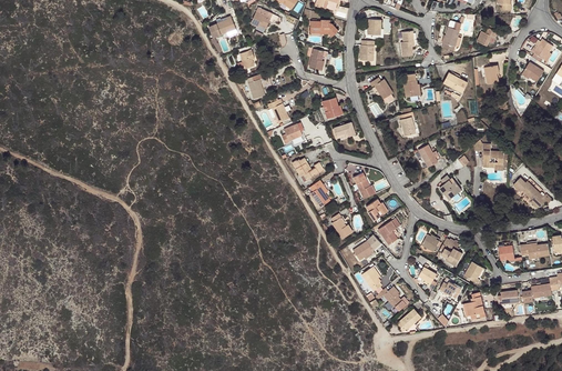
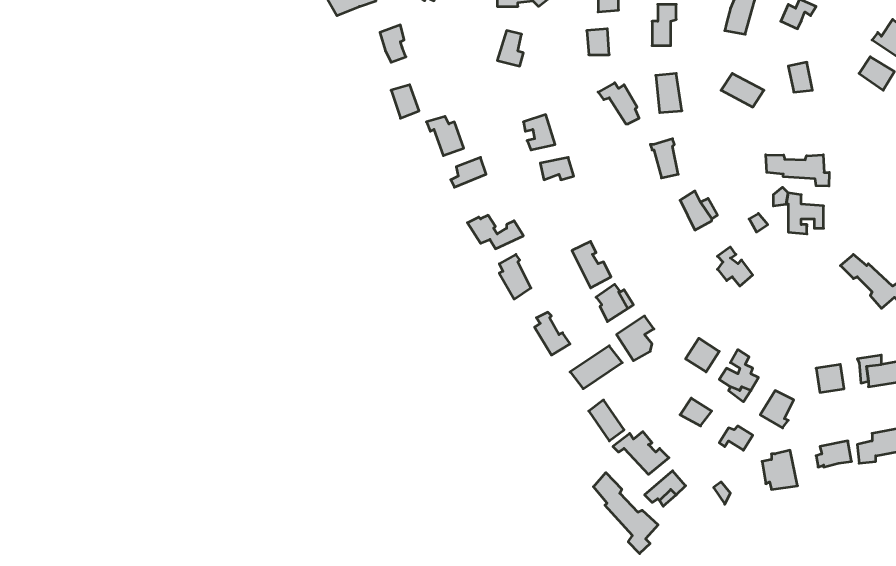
building: none -> [766,155,829,186]
building: none -> [593,473,658,554]

